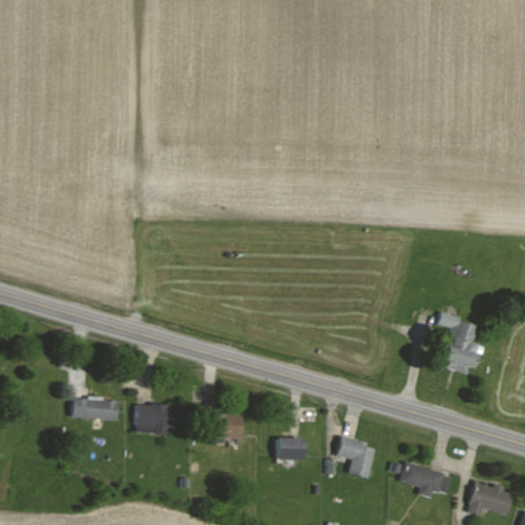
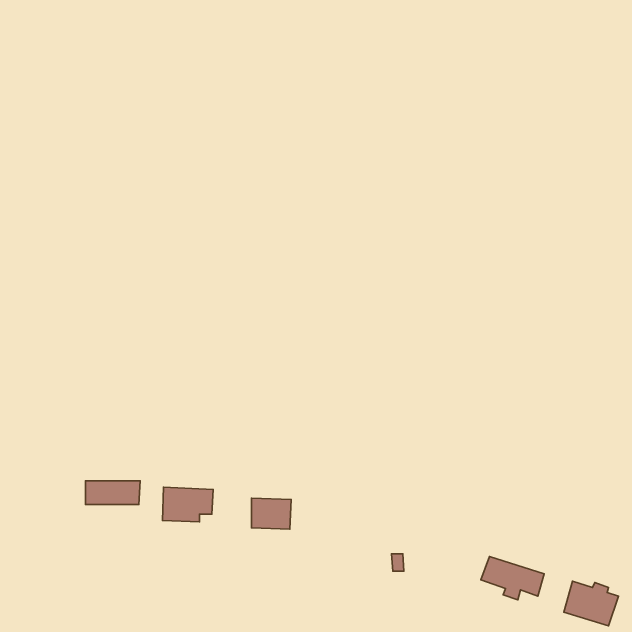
building: [437,314,477,374] -> none
building: [337,437,375,478] -> none
building: [276,438,304,460] -> none

